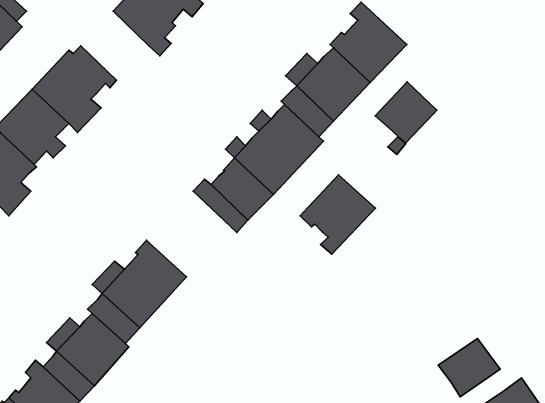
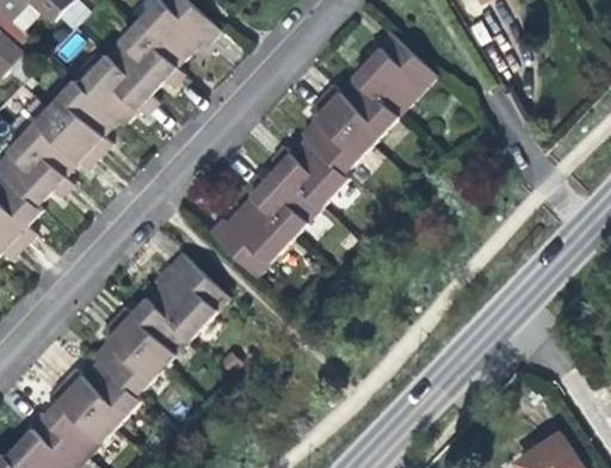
building: none -> [87,39,160,116]
building: [375,82,437,143] -> none
building: [300,175,375,254] -> none
building: none -> [160,254,226,325]
building: [438,338,500,397] -> none

